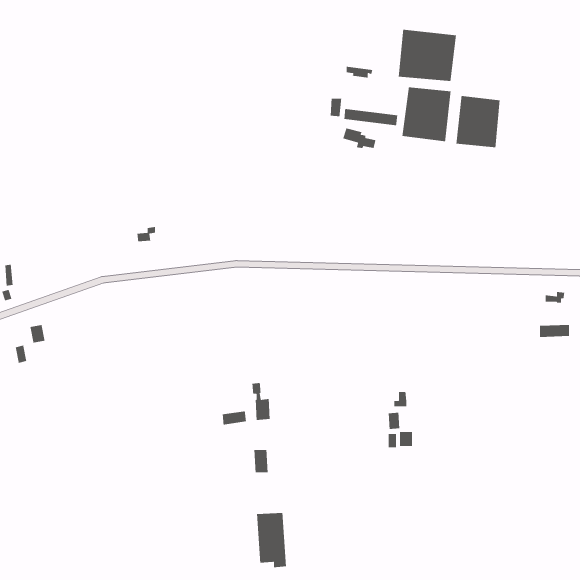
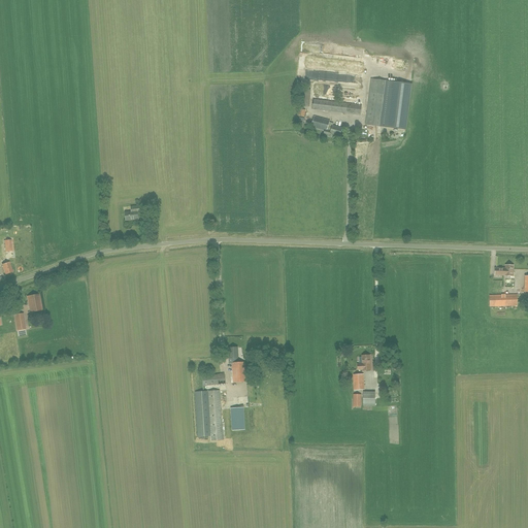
building: [398,29,457,82] -> none
building: [455,95,501,148] -> none
building: [256,512,287,568] -> [194,390,222,440]

